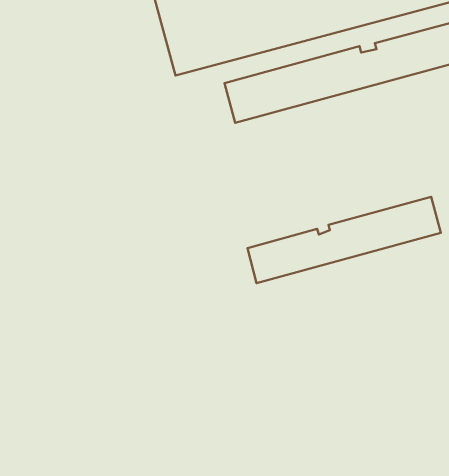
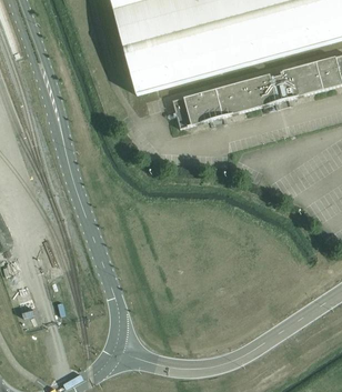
building: [247,197,441,283] -> none

